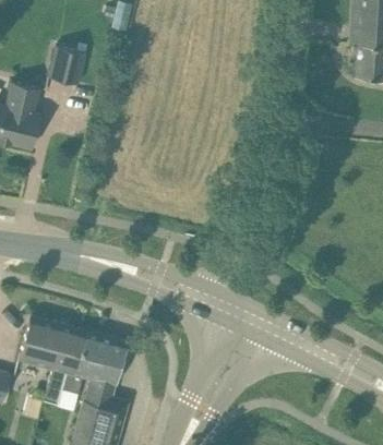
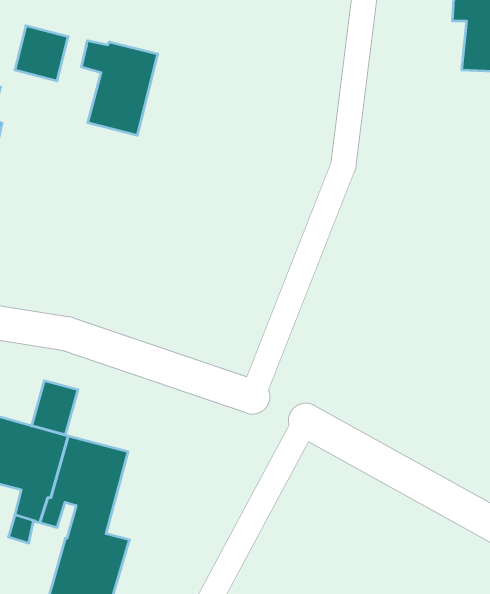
building: none -> [82,41,158,135]
building: none -> [32,381,78,435]

